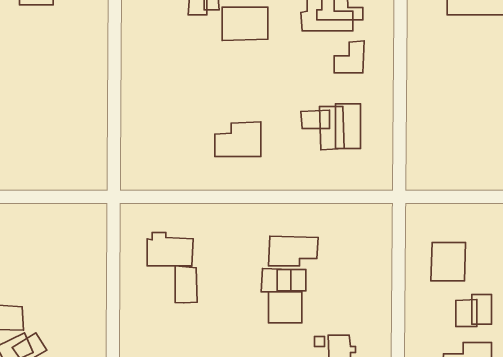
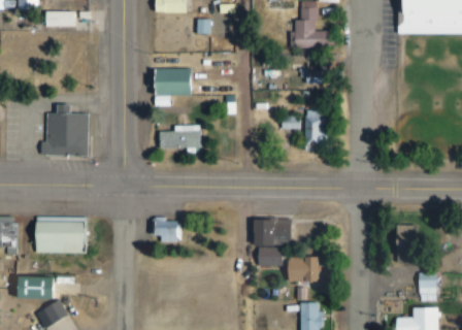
building: [222,7,268,40] -> [154,68,192,96]
building: none -> [42,104,90,156]
building: [215,122,261,157] -> [161,123,199,152]
building: none -> [35,217,86,254]
building: [175,266,197,303] -> none
building: [268,292,302,323] -> [289,256,317,282]

